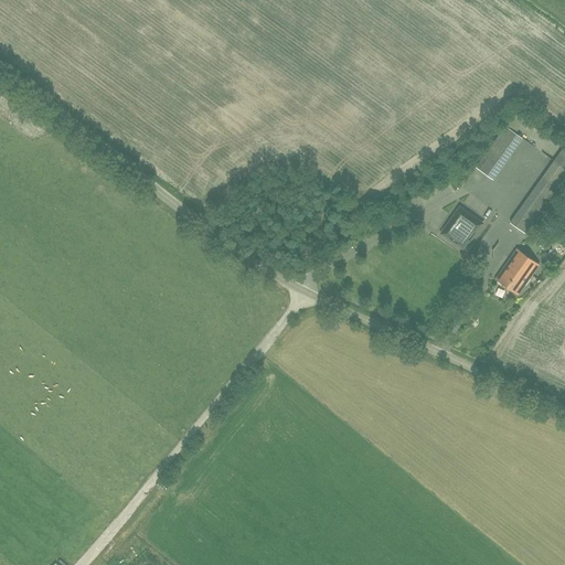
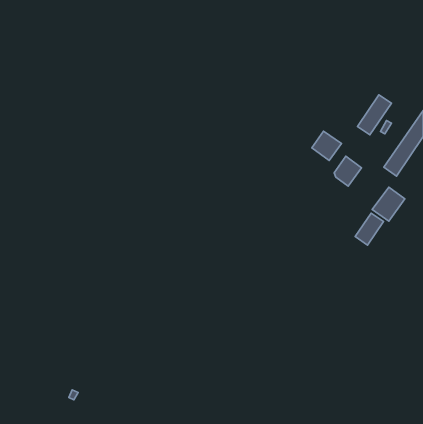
building: none -> [312,131,342,160]
building: none -> [355,213,384,245]

